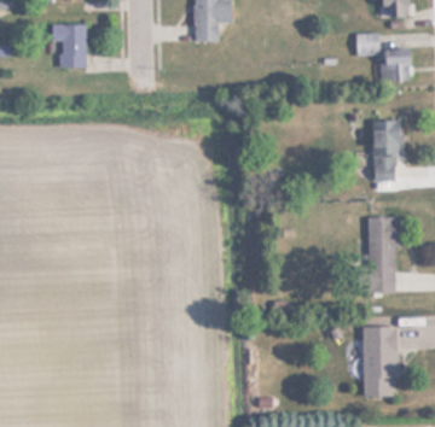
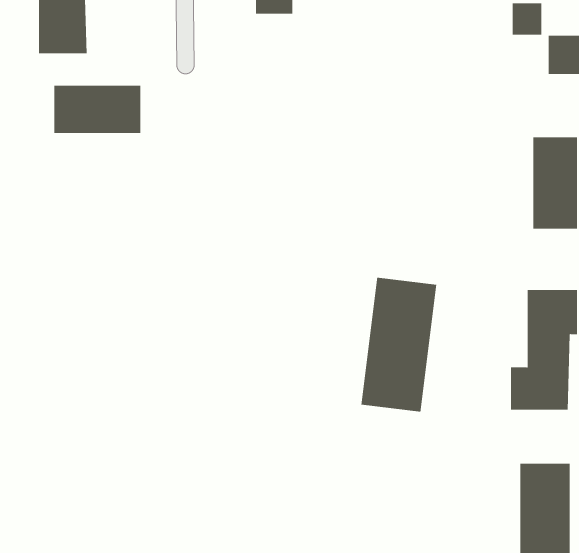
building: none -> [54,85,141,134]
building: none -> [361,277,437,413]

